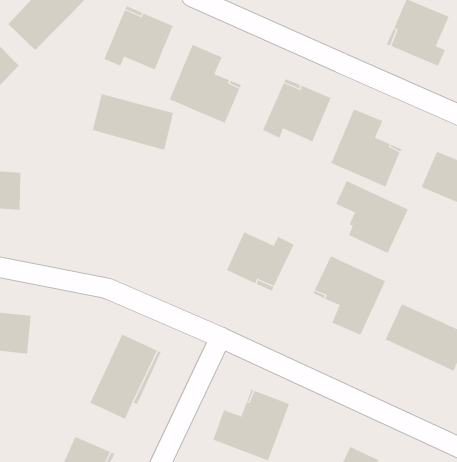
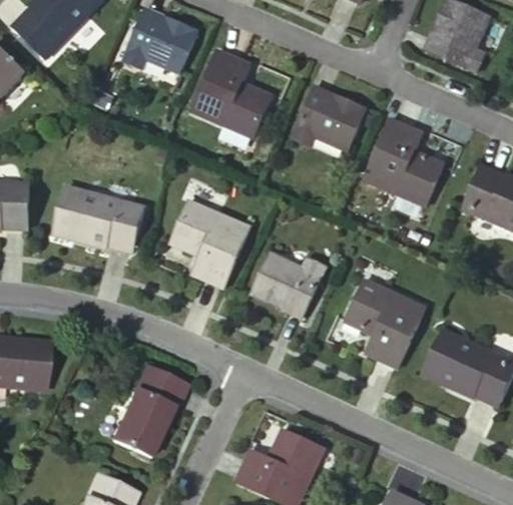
building: [92,93,174,151] -> [54,190,143,252]
building: [335,180,408,254] -> none
building: none -> [168,200,248,286]

